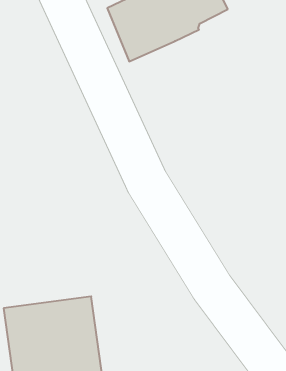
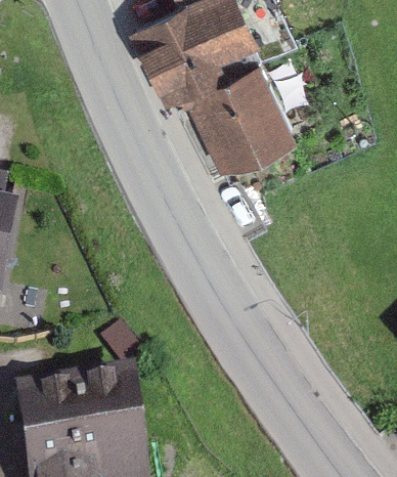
building: none -> [170,56,288,161]

